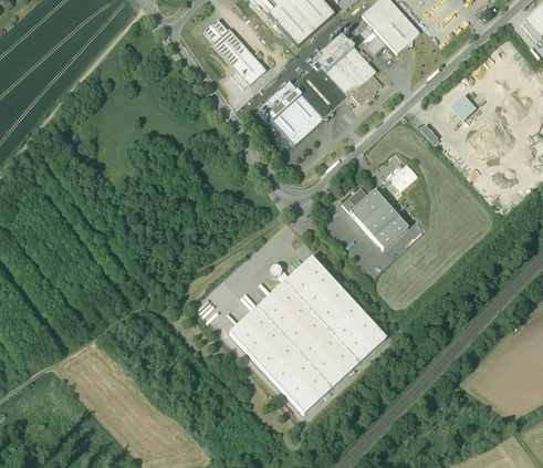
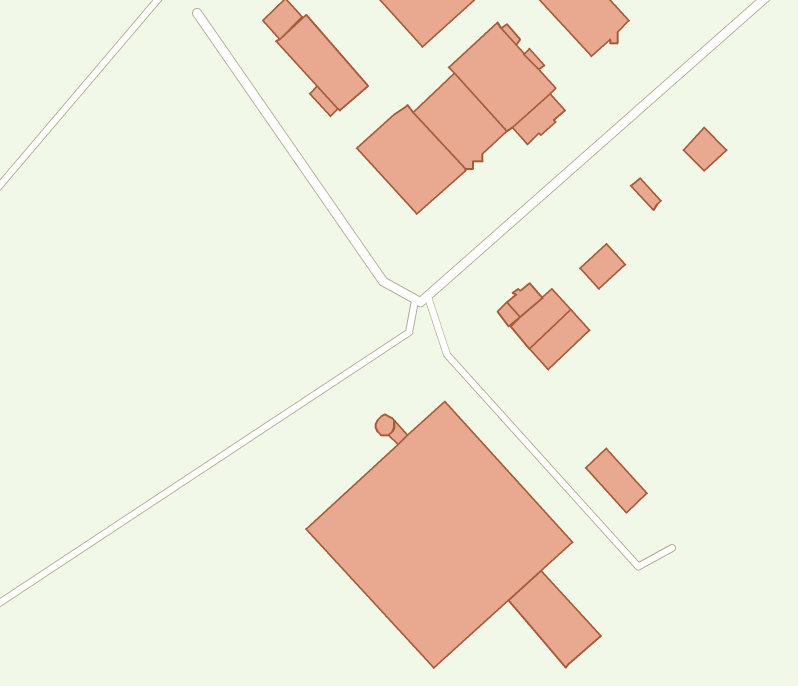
building: [372,212,408,248] -> none
building: none -> [586,448,647,513]
building: none -> [509,571,601,668]

